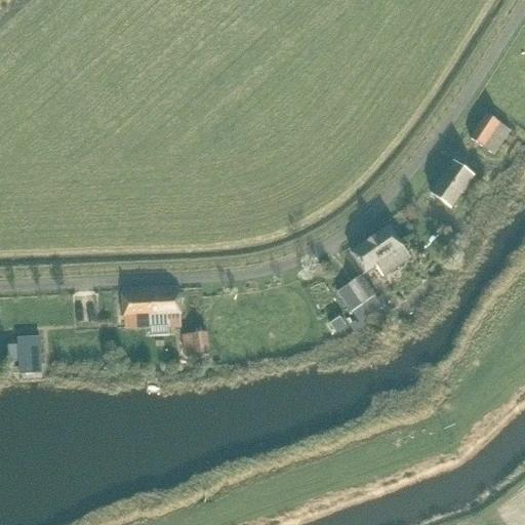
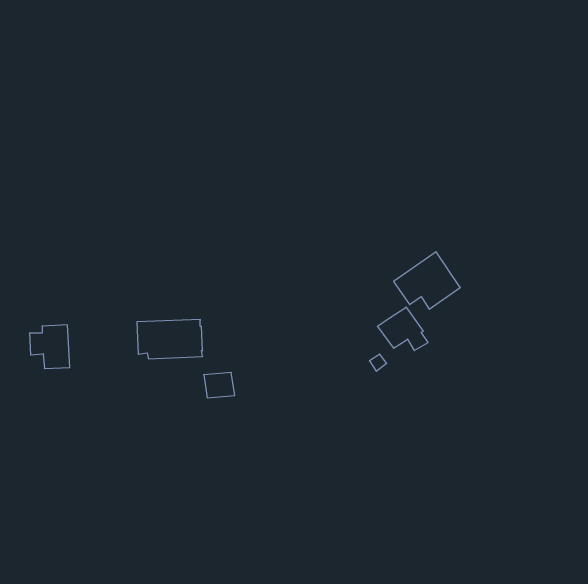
building: [470,111,510,154] -> none
building: [431,160,473,206] -> none
building: [6,335,42,374] -> [29,325,70,369]

